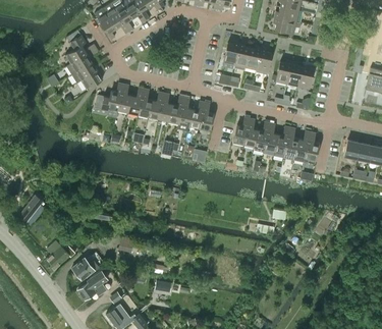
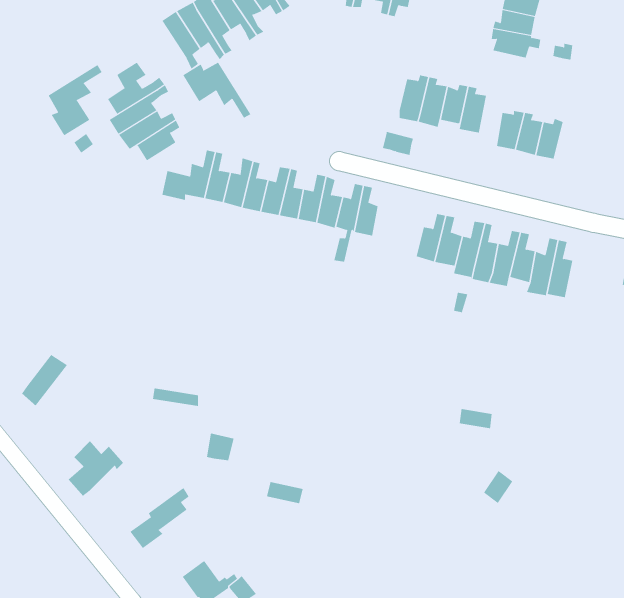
building: none -> [182,62,251,119]
building: none -> [48,64,102,136]
building: [71,253,104,280] -> none

